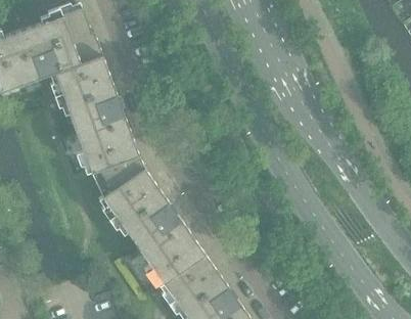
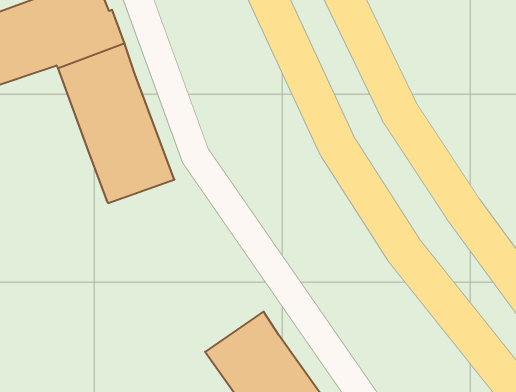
building: [90,157,204,284] -> none

